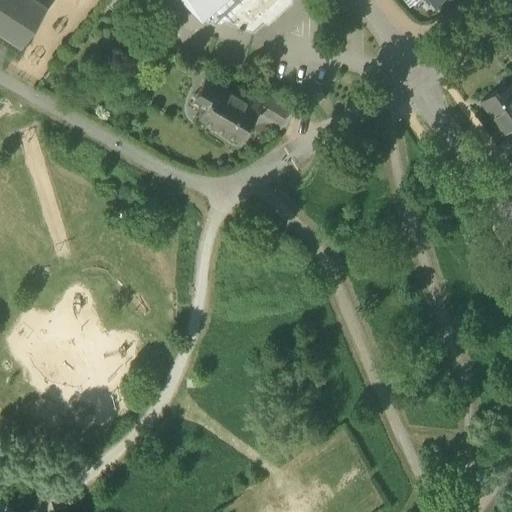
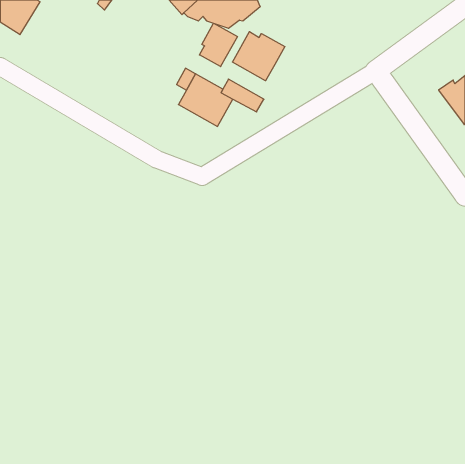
building: none -> [199,23,237,67]
building: none -> [232,32,285,81]

